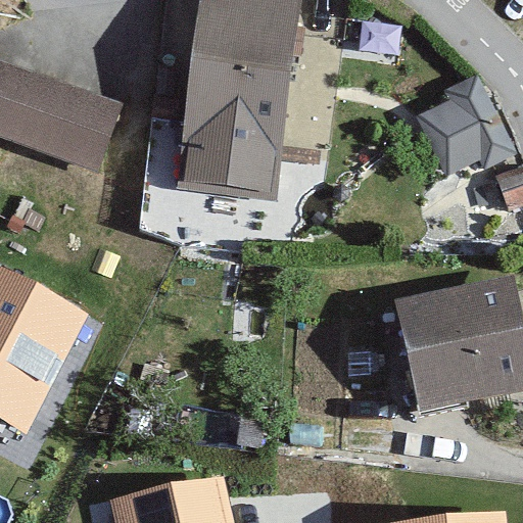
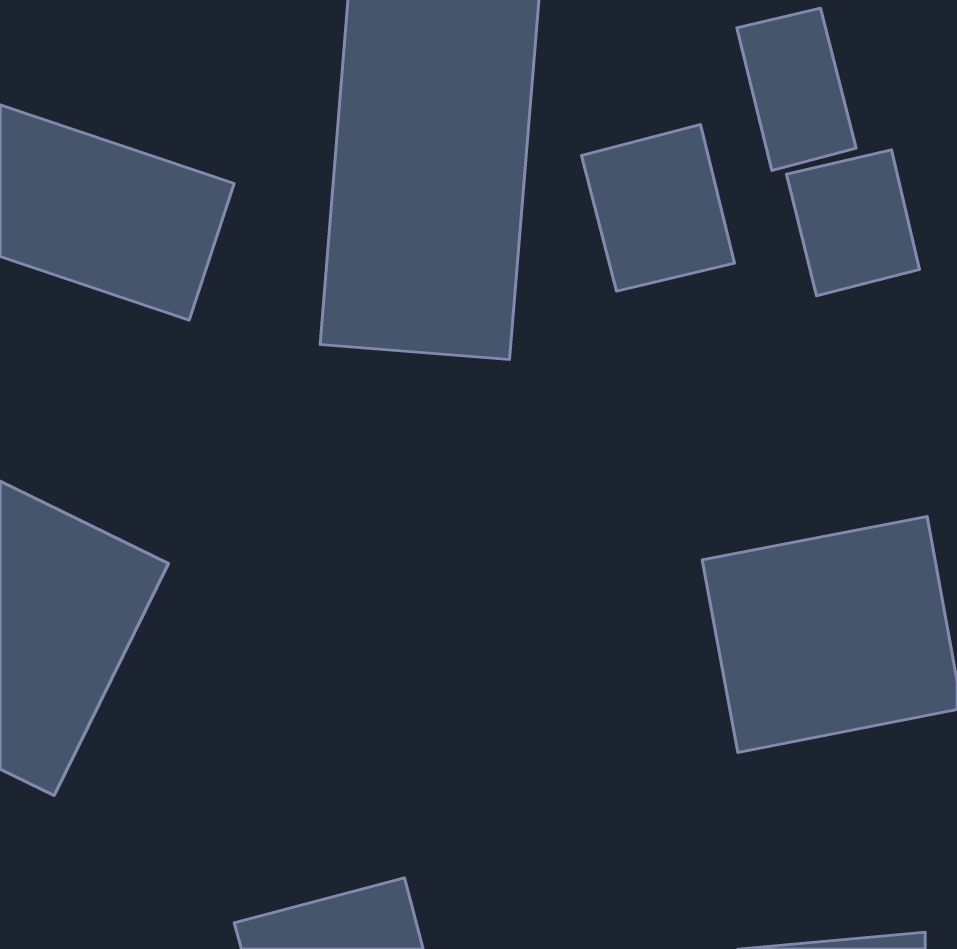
building: none -> [737,8,856,171]
building: none -> [581,125,734,291]

